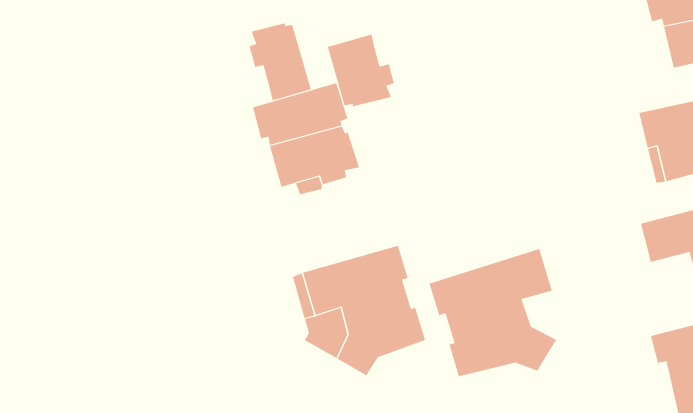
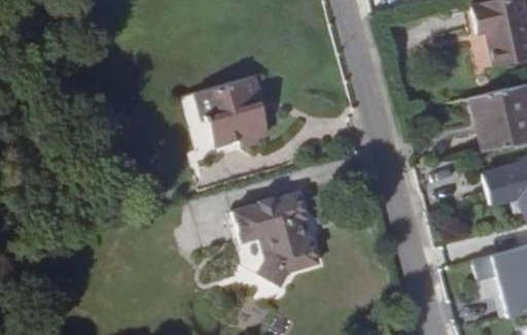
building: [249,23,312,101] -> none
building: [327,34,394,107] -> none
building: [429,248,557,377] -> none

